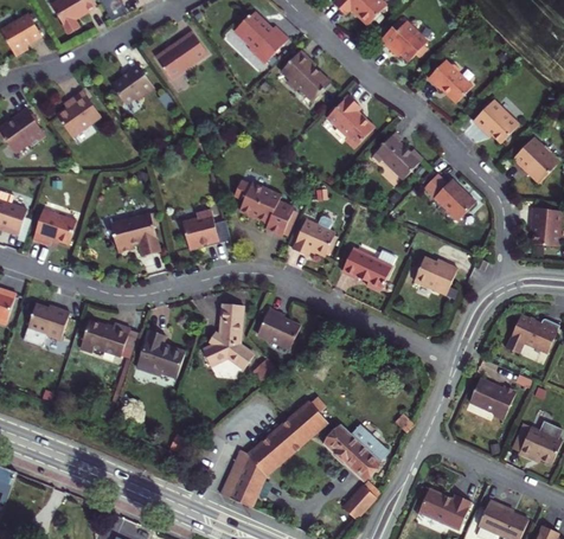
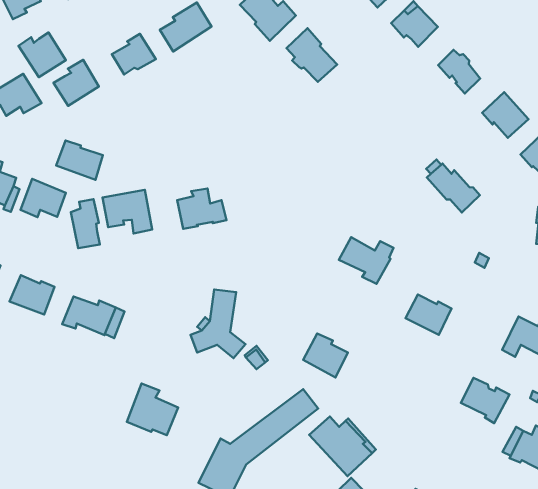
building: none -> [18,32,66,77]
building: [326,94,373,147] -> none
building: [372,130,422,178] -> none
building: none -> [56,140,103,180]
building: [235,181,296,236] -> none
building: [293,216,335,256] -> none
building: none -> [71,199,100,248]
building: [414,256,457,294] -> [405,294,451,335]
building: [258,308,301,349] -> [303,334,348,378]
building: [136,329,185,378] -> [127,383,178,435]

